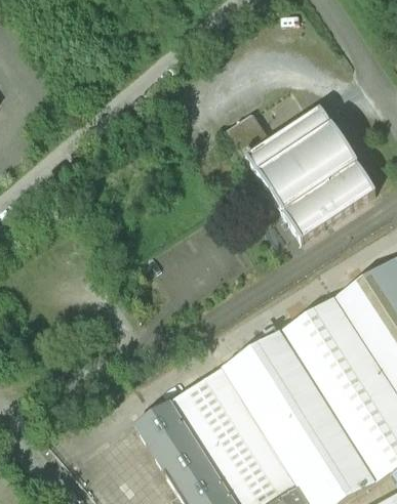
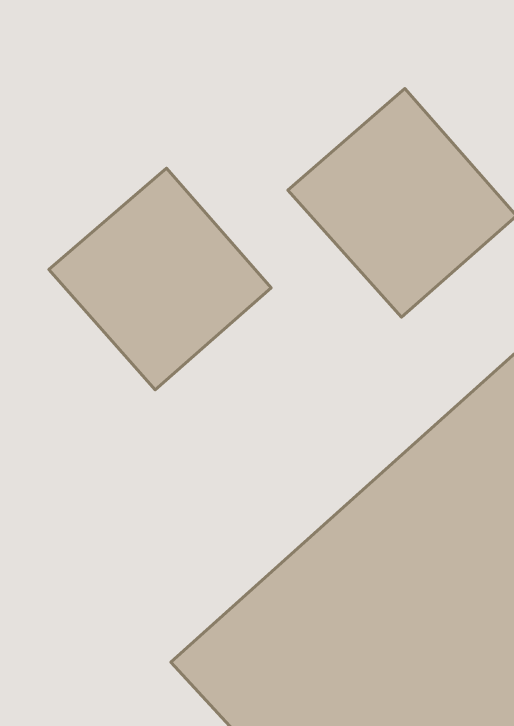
building: none -> [49,168,271,390]

